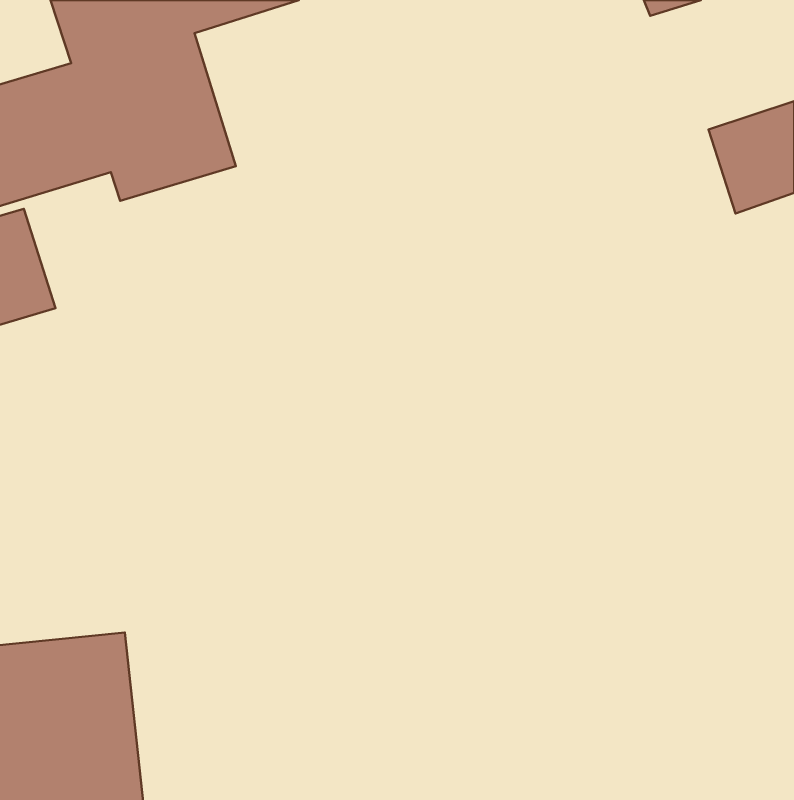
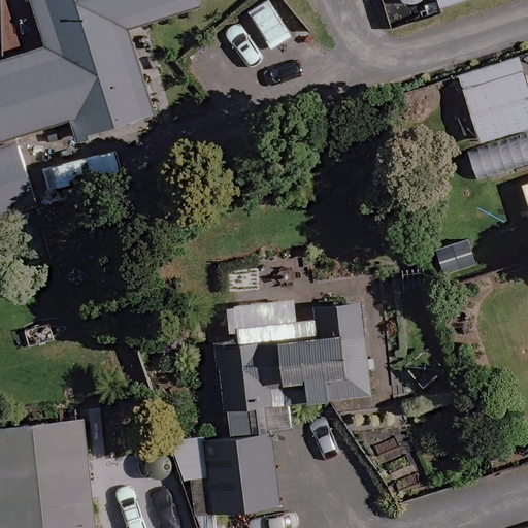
building: none -> [220,303,368,434]
building: none -> [205,436,279,513]

